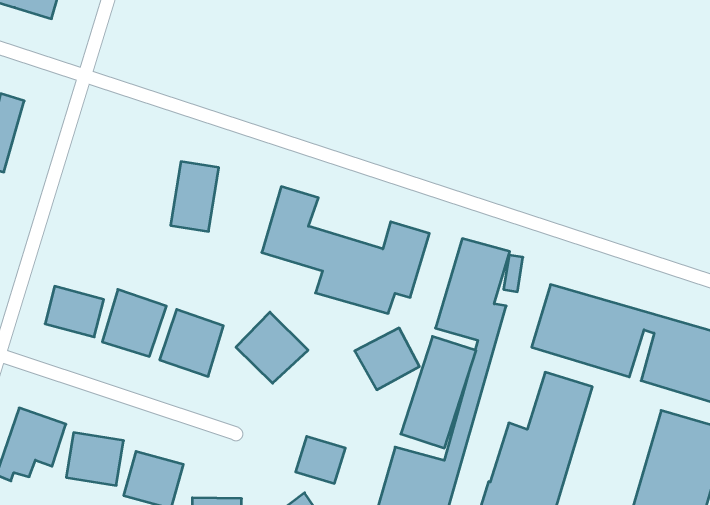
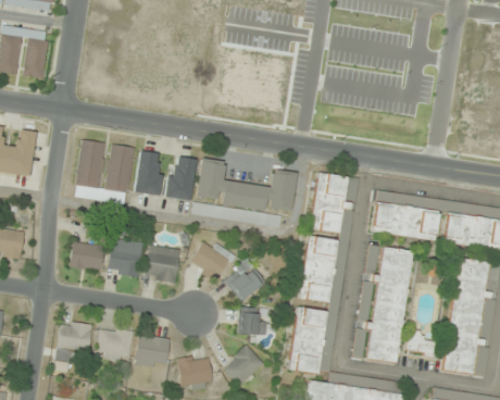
building: none -> [73,139,135,204]
building: none -> [165,155,196,200]
building: [355,328,419,390] -> [223,261,264,301]

